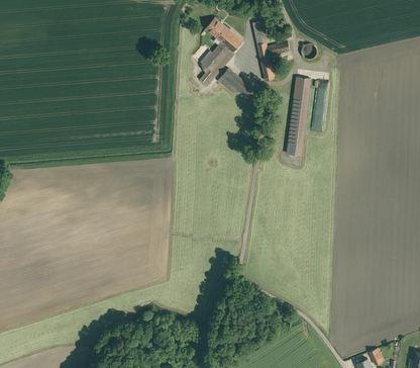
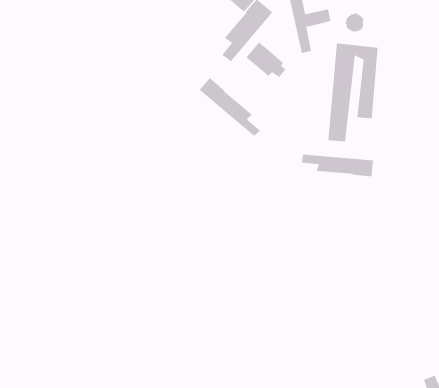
building: none -> [199,77,261,137]
building: none -> [301,154,373,177]

